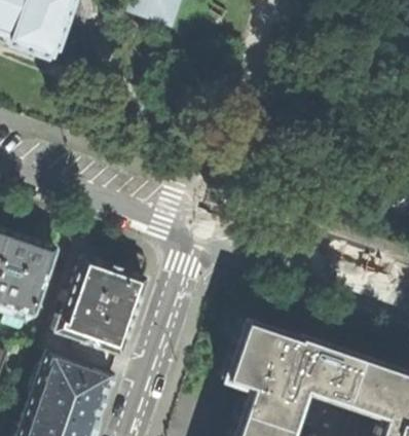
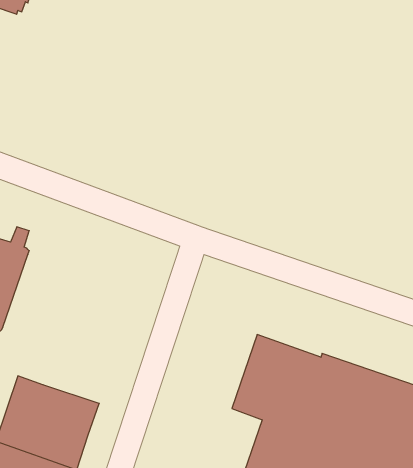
building: [42,254,152,362] -> none

